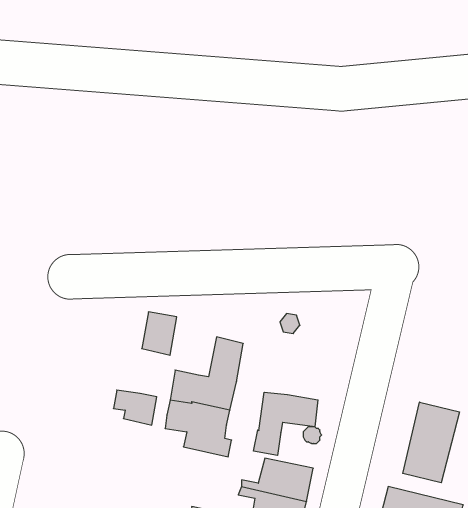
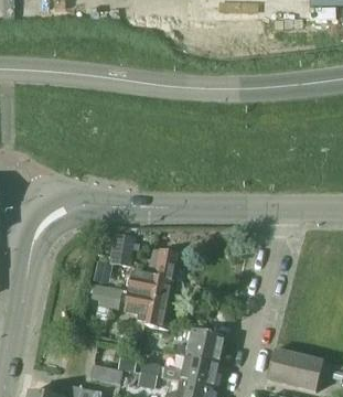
building: [254,392,318,455] -> none
building: [403,402,459,483] -> none

